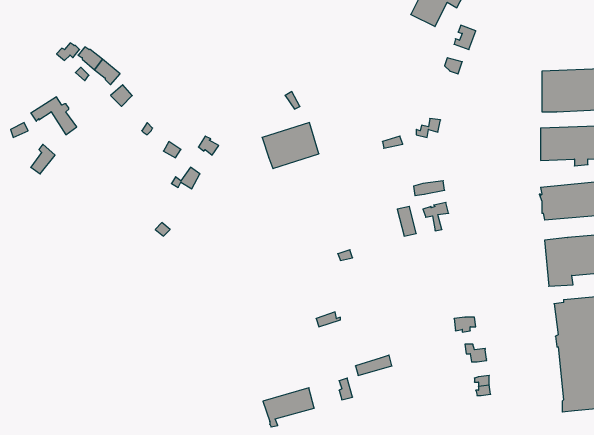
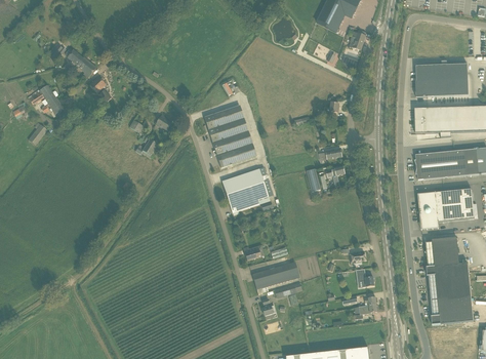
building: none -> [212,127,256,166]
building: none -> [221,165,273,211]
building: [263,388,314,427] -> [252,263,291,292]

